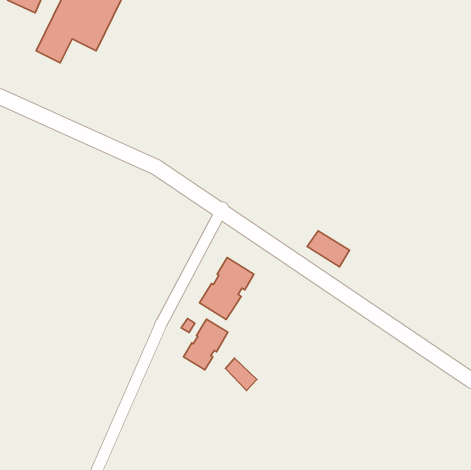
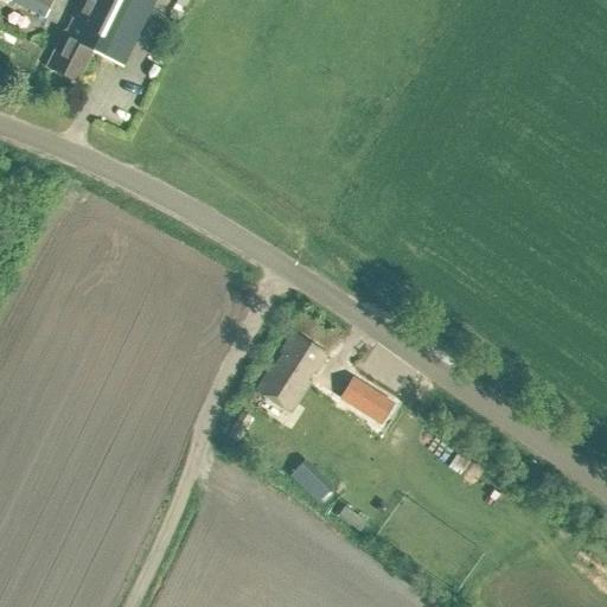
building: [307,231,350,267] -> [341,376,396,422]
building: [183,319,228,370] -> none

